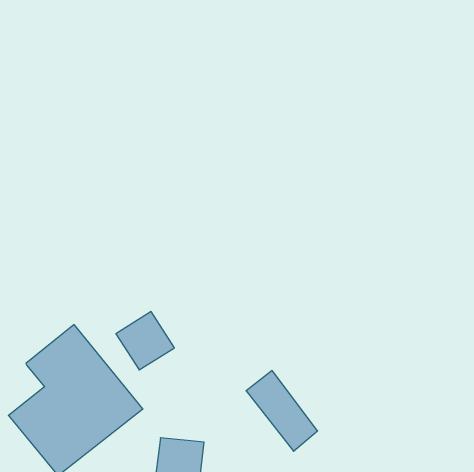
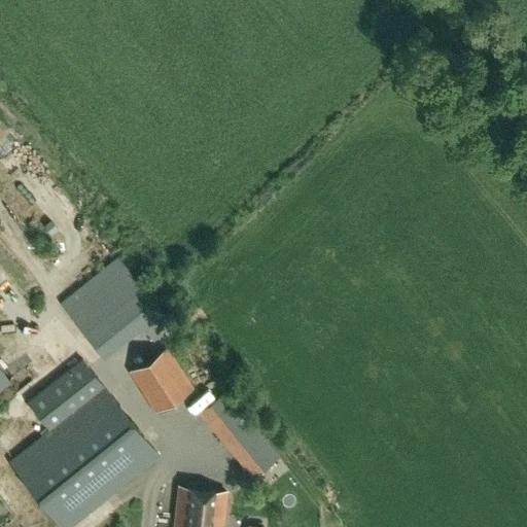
building: none -> [60,253,174,358]
building: [246,371,318,451] -> [200,390,279,480]

